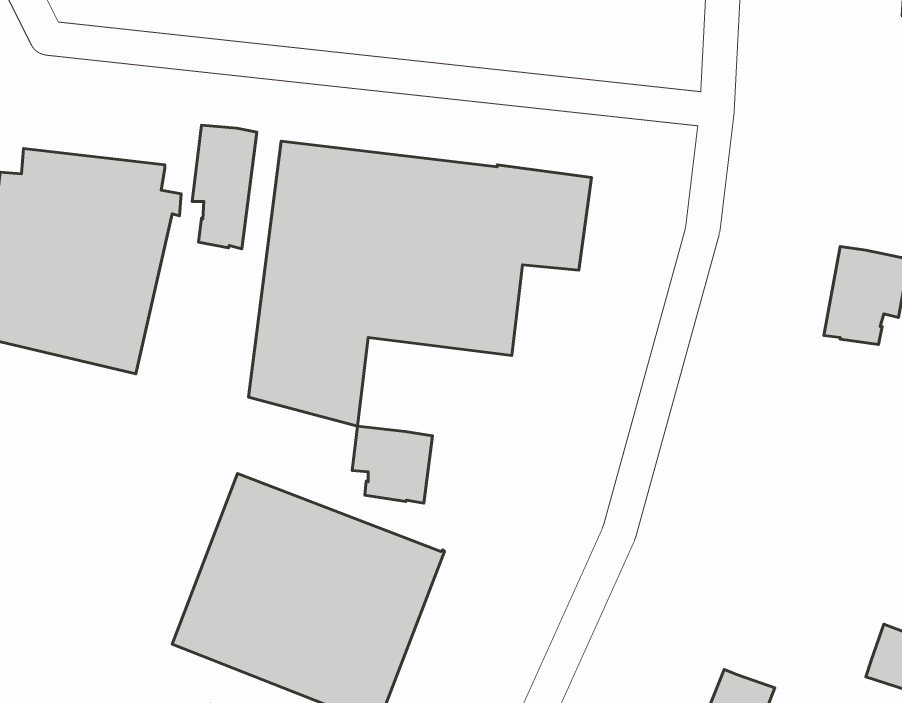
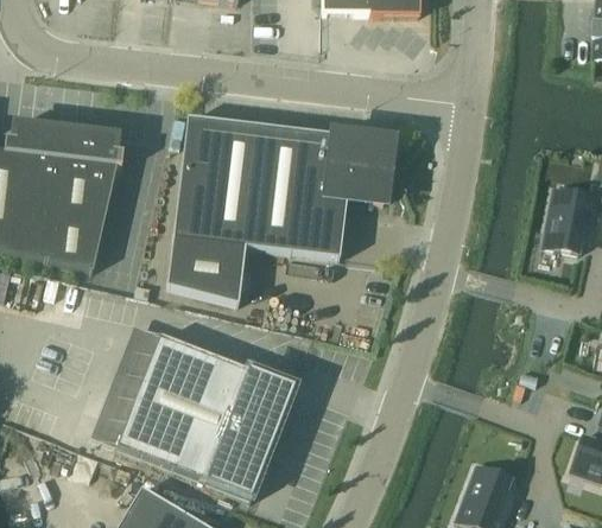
building: [192,125,257,249] -> none
building: [352,426,432,503] -> none
building: none -> [90,324,160,446]

